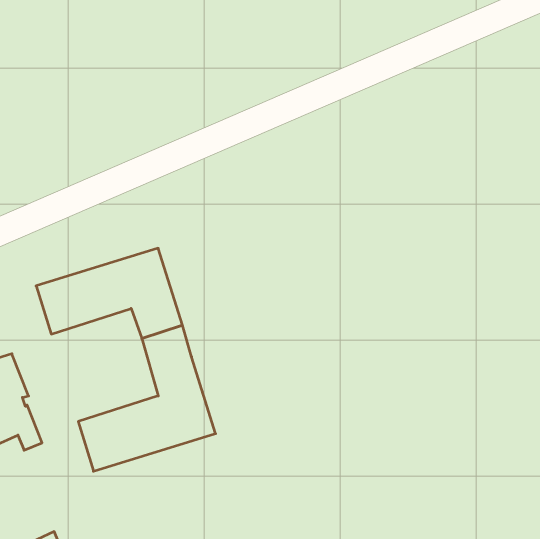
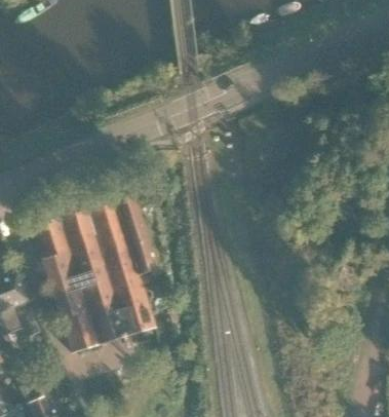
building: none -> [116,194,157,274]
building: none -> [43,241,116,318]

